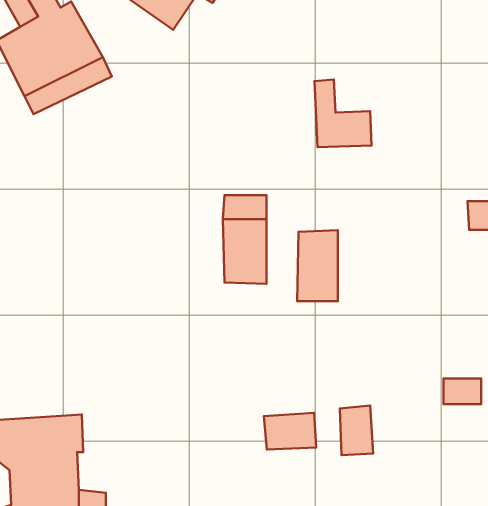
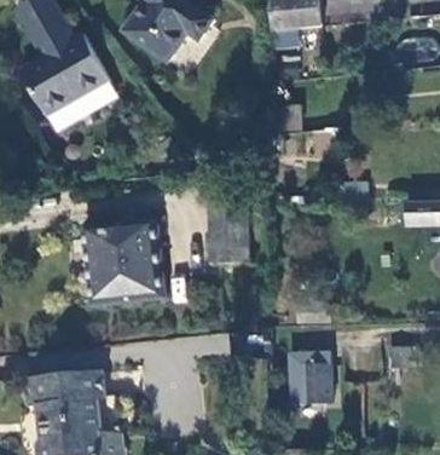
building: none -> [80,221,157,305]
building: [297,230,338,301] -> none
building: [264,413,316,450] -> none

